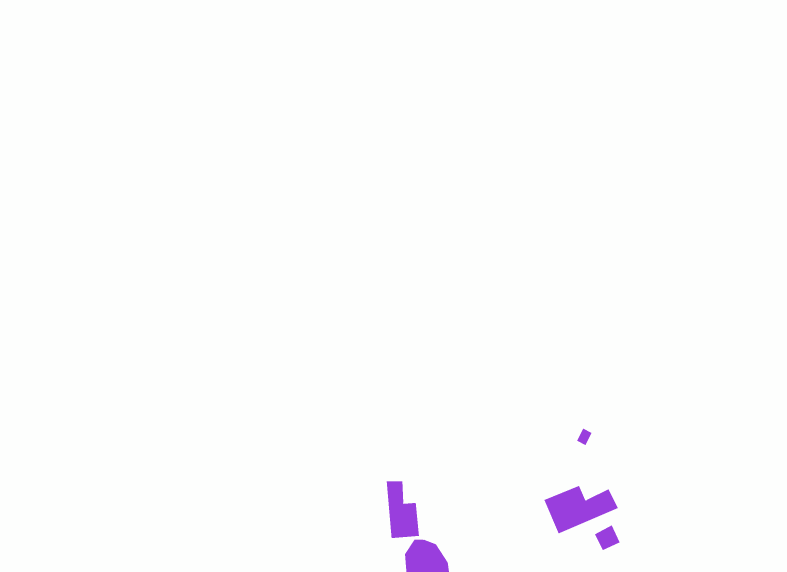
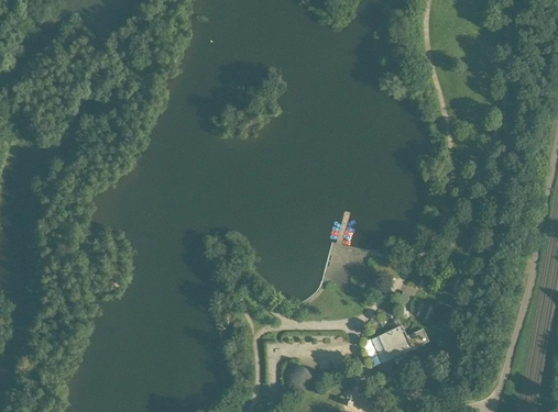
building: [386,481,420,539] -> none

